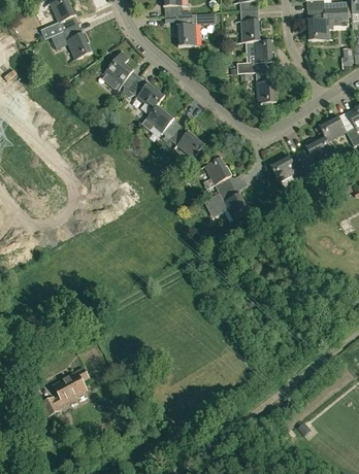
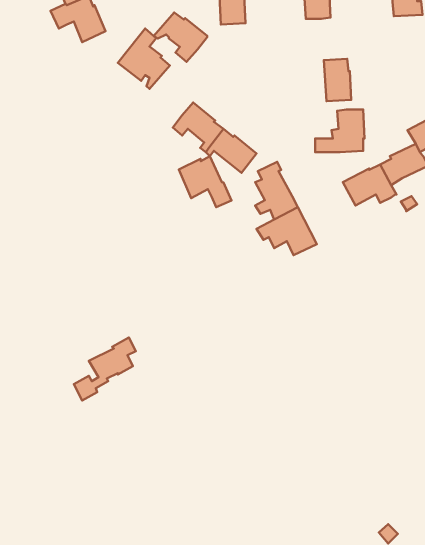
building: [237,41,274,73] -> [315,110,364,152]
building: [125,77,165,114] -> [154,13,207,62]
building: none -> [179,156,232,207]
building: [42,368,89,415] -> [74,337,136,401]

